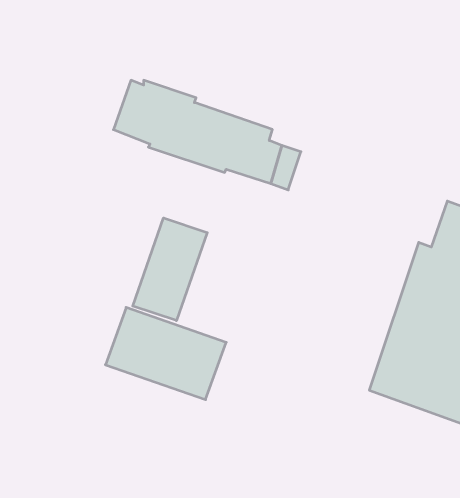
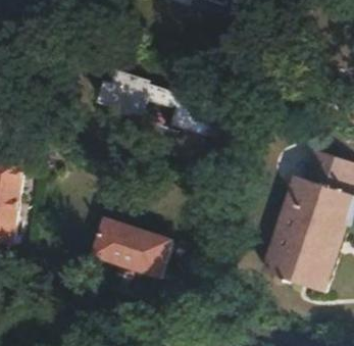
building: [133,218,207,321] -> none

